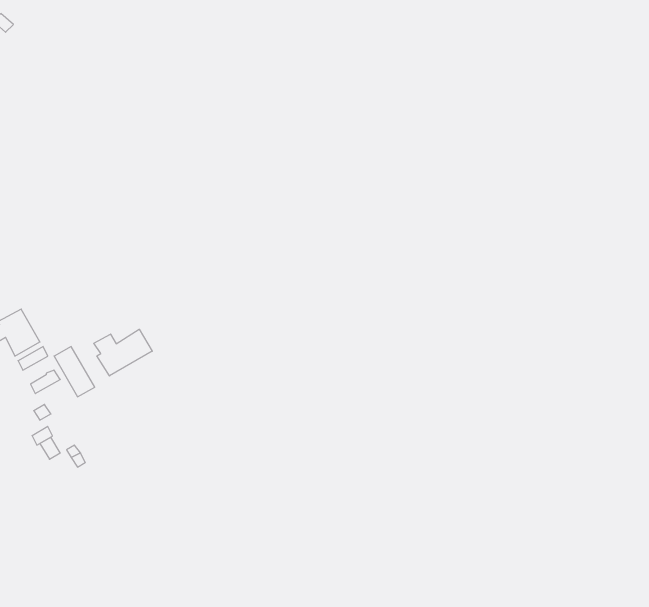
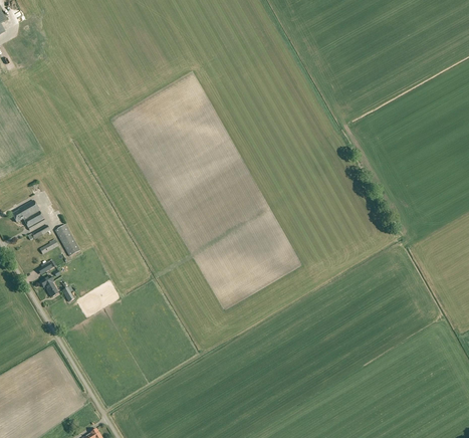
building: [94,329,152,376] -> none

